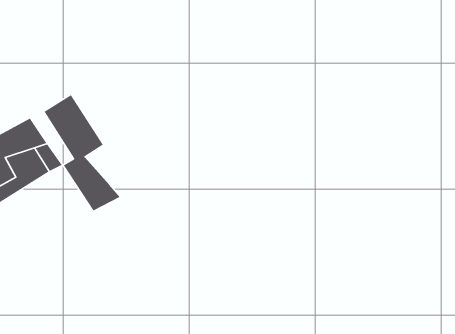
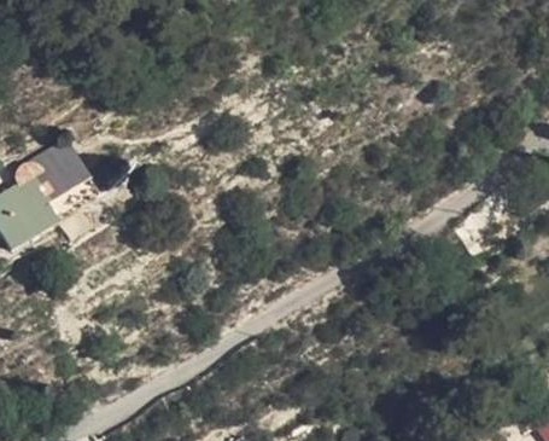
building: [44,94,121,211] -> none

